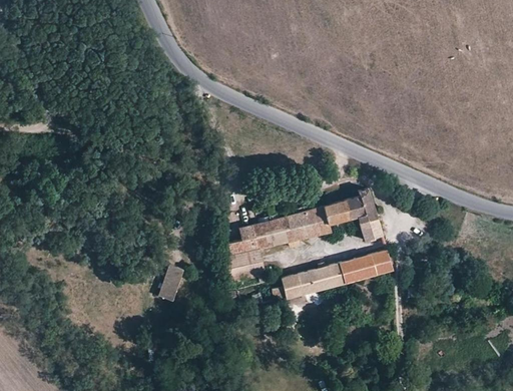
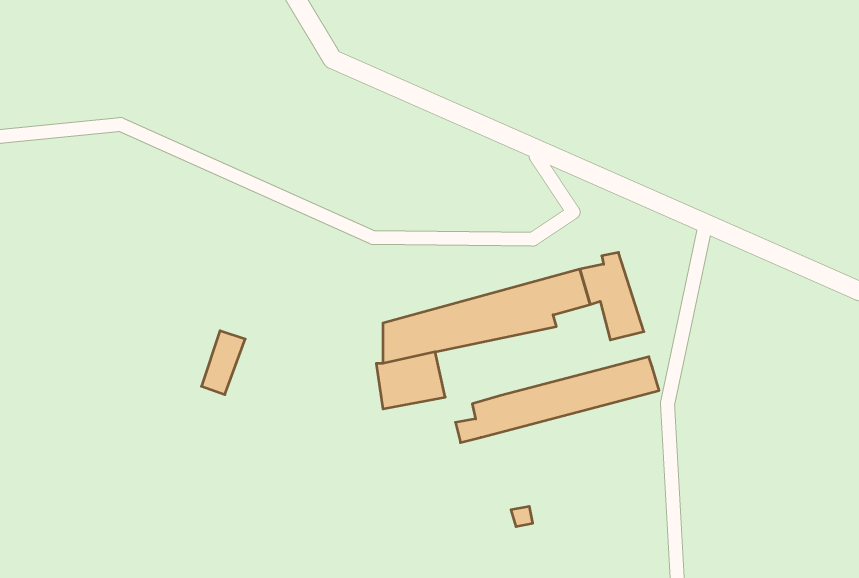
building: [159,264,185,302] -> [201,331,245,395]

